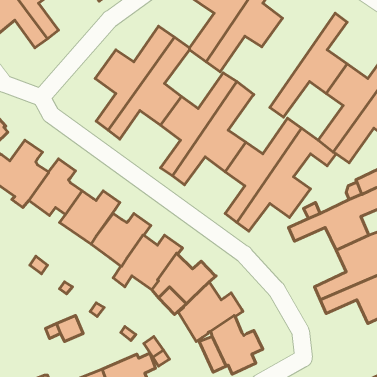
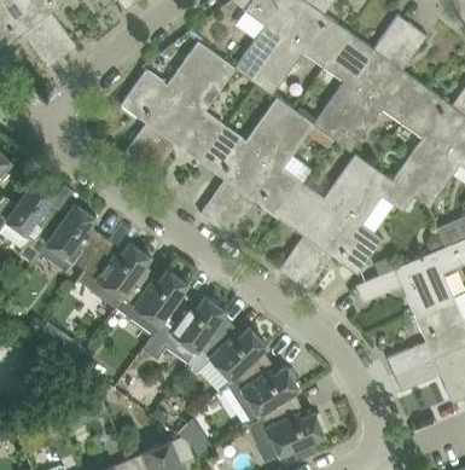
building: none -> [313,14,413,140]

